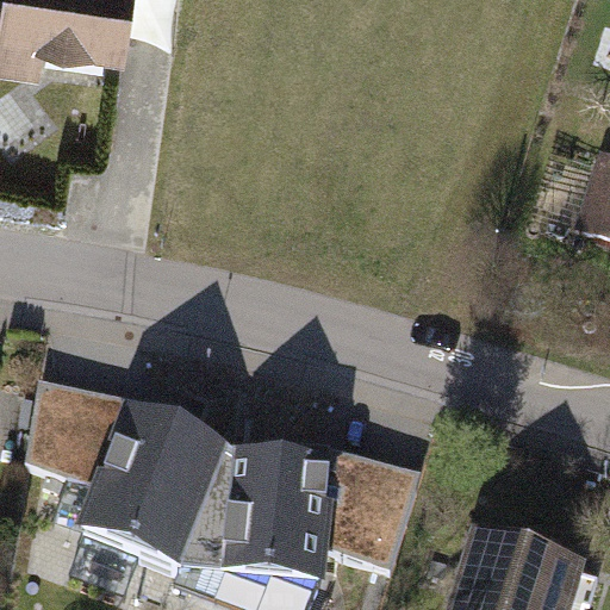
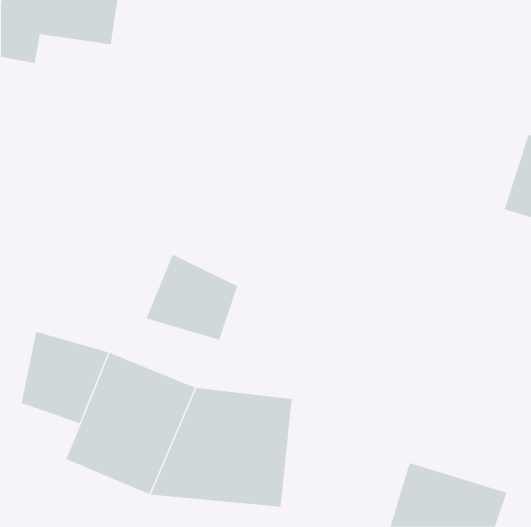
building: none -> [146,254,238,341]
building: [326,454,419,567] -> none

